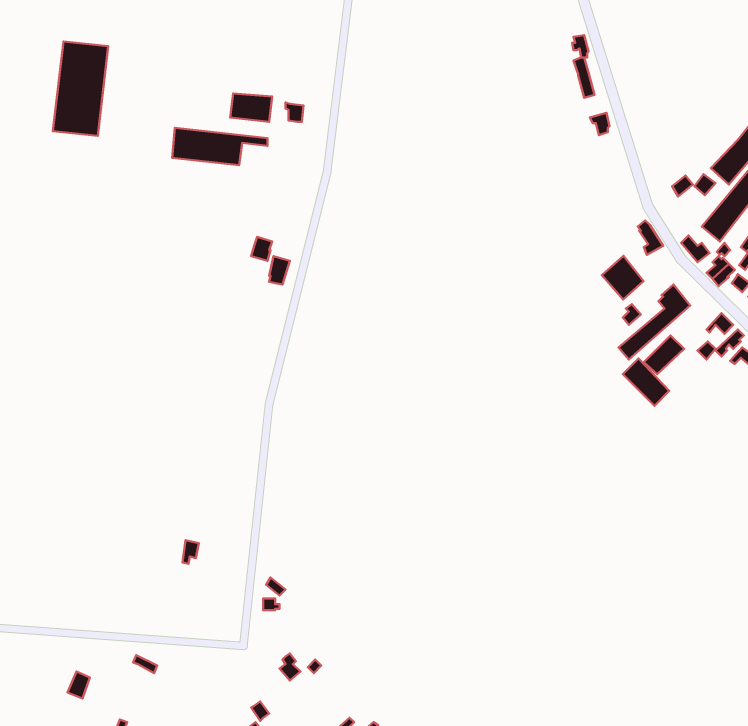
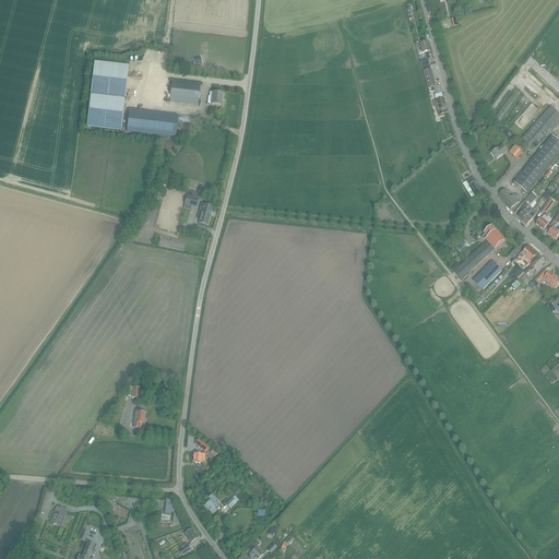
building: [53,42,108,136] -> [87,60,128,129]
building: [602,256,643,299] -> none
building: [623,358,669,406] -> none

